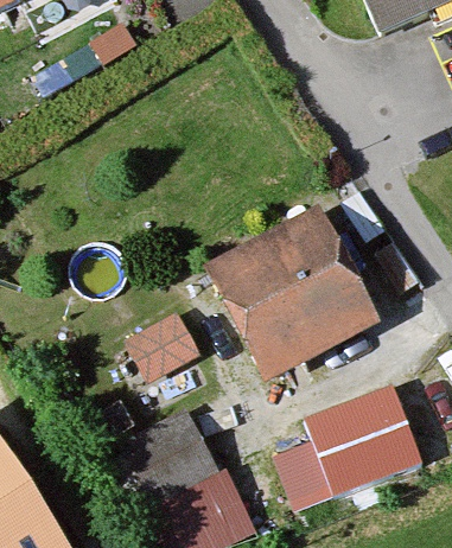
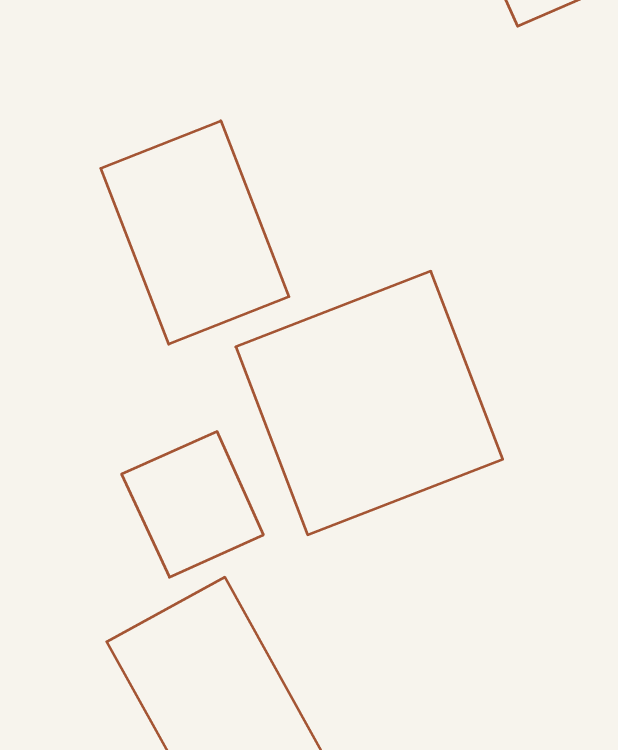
building: none -> [101,121,289,344]
building: [265,382,422,503] -> none

